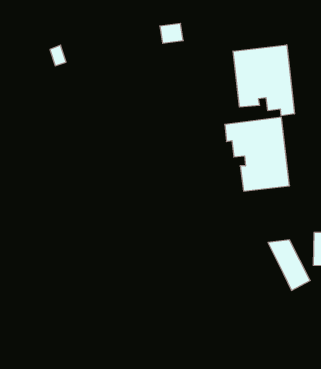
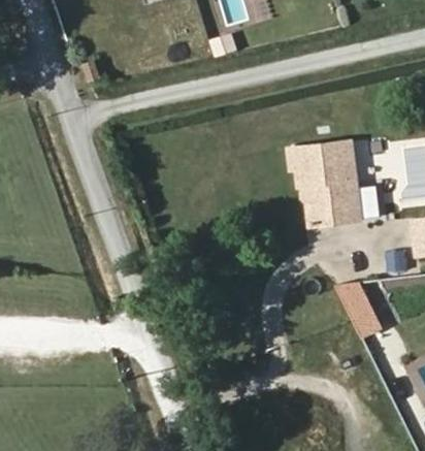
building: [233,45,294,116] -> none

